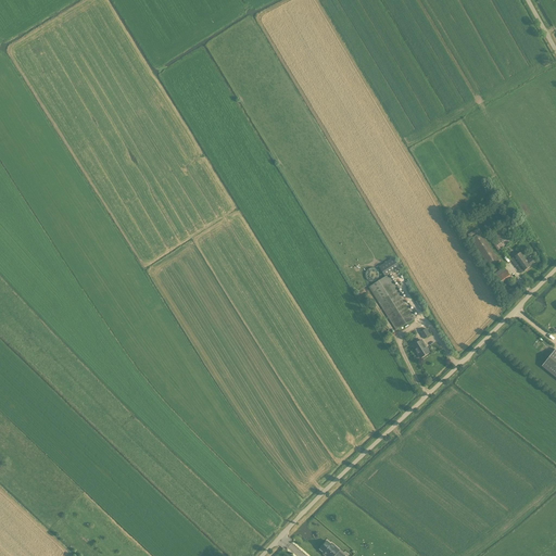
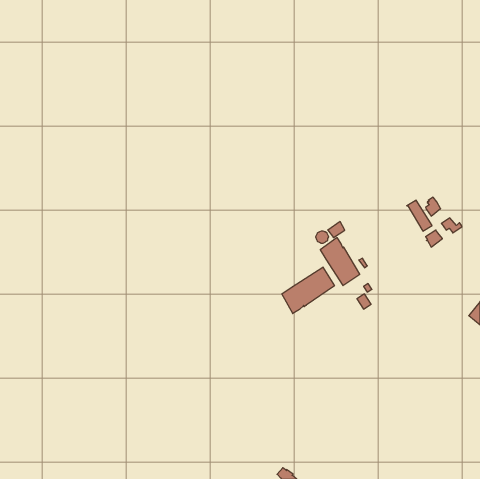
building: none -> [282,267,334,314]

